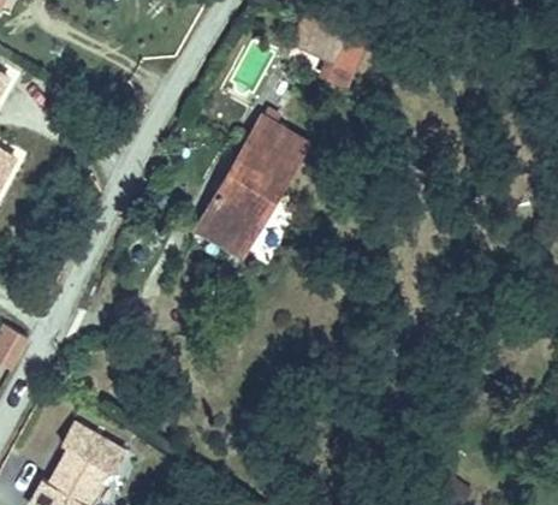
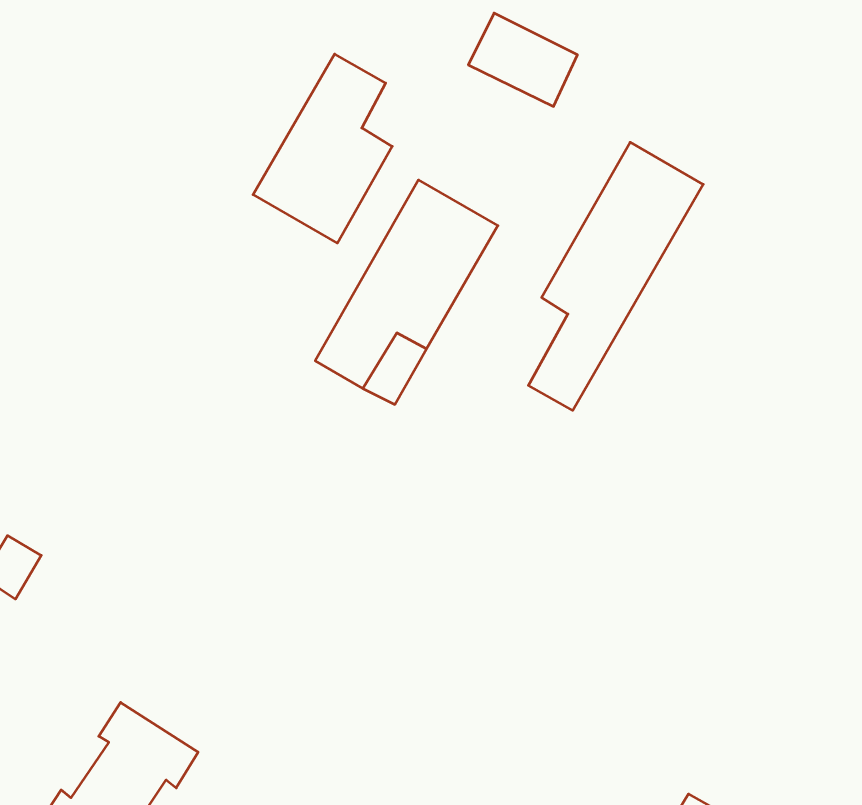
building: none -> [253,54,392,243]
building: none -> [528,142,703,410]

